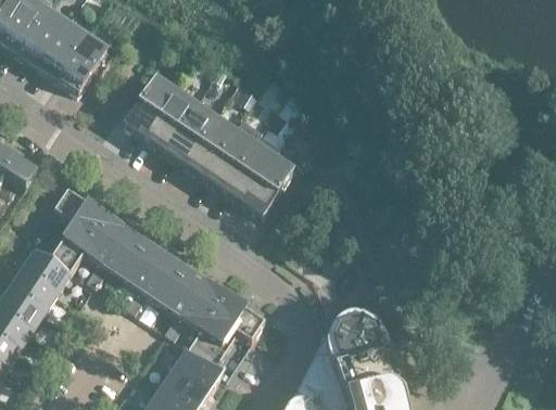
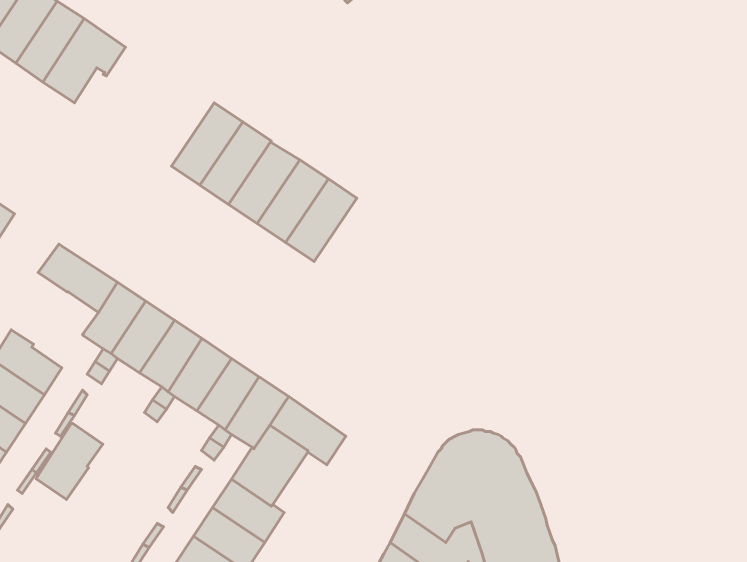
building: [125,71,174,133] -> none
building: [242,155,292,213] -> none
building: [49,219,94,271] -> [36,423,103,500]

